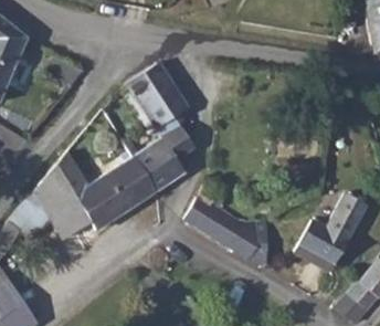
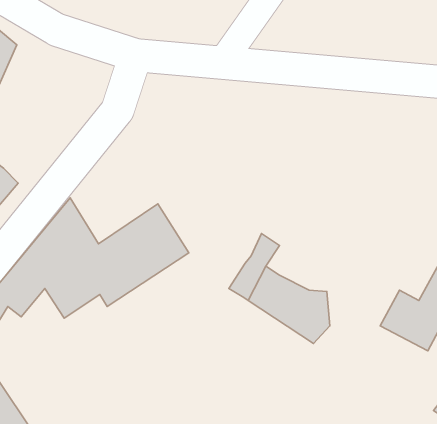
building: [127,64,197,192] -> none

